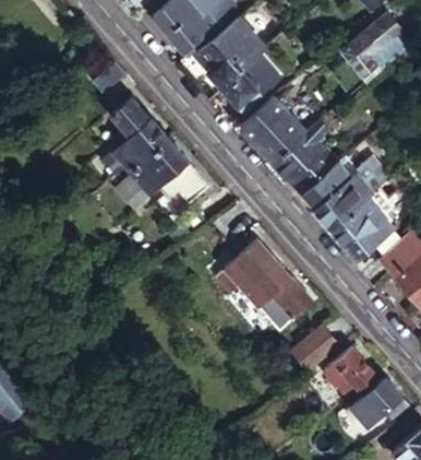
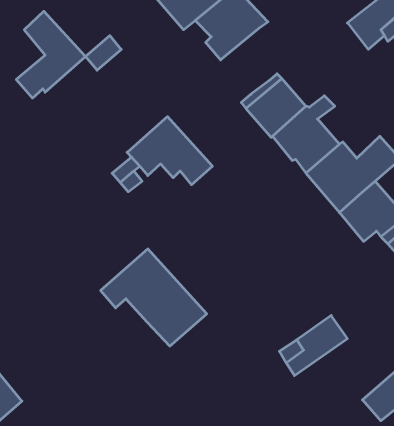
building: [219,54,279,109] -> none
building: [104,95,169,177] -> [16,11,85,98]
building: [215,237,315,329] -> [101,249,207,346]
building: [337,349,376,397] -> none

